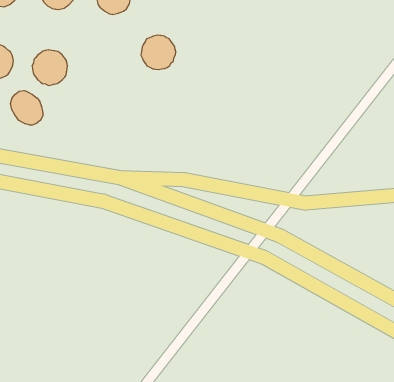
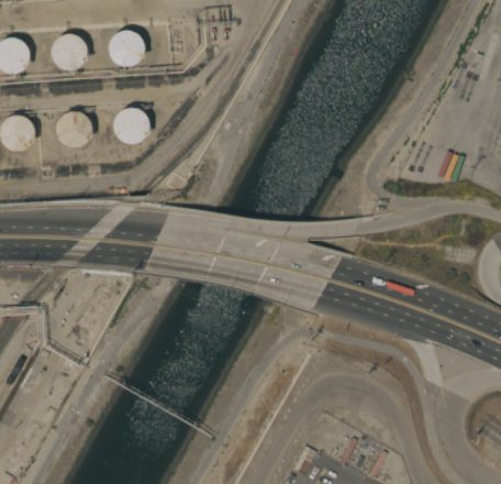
building: [141,35,176,70] -> [114,107,149,142]
building: [11,91,43,125] -> none

